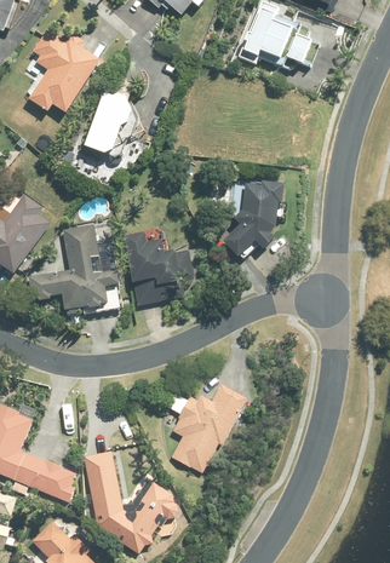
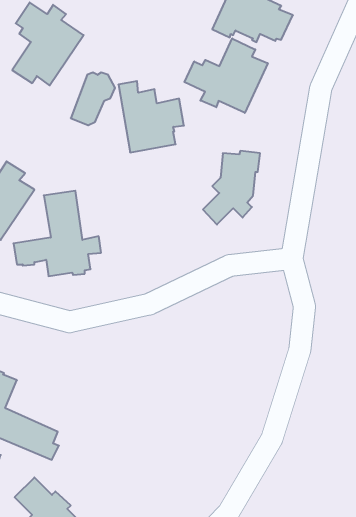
building: none -> [184,38,268,113]
building: [125,230,193,304] -> [118,81,184,152]
building: [166,381,246,471] -> none
building: [82,449,179,555] -> none

